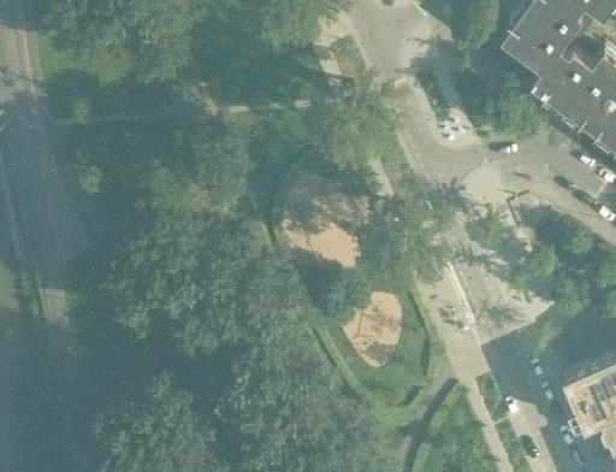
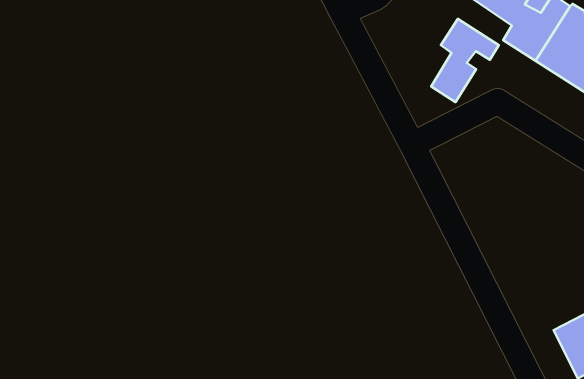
building: none -> [431,19,499,102]

